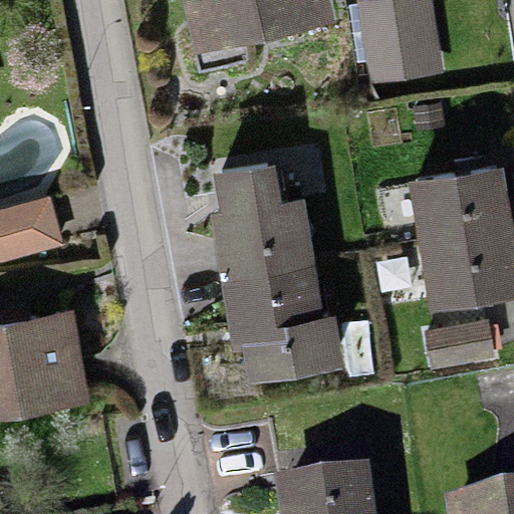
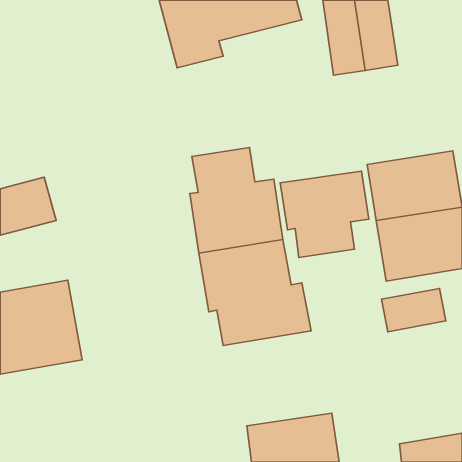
building: none -> [280,171,369,257]

